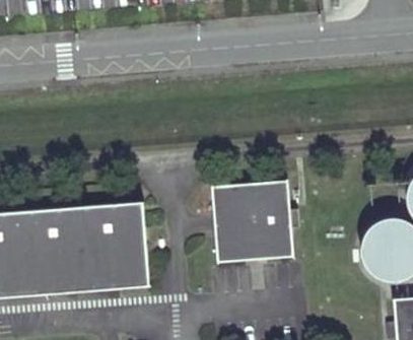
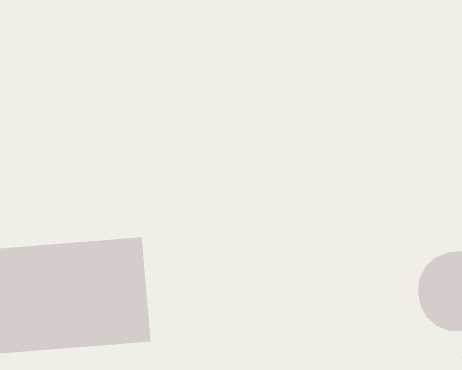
building: [212,177,301,261] -> none

